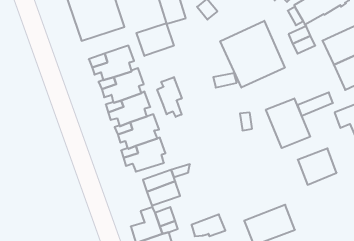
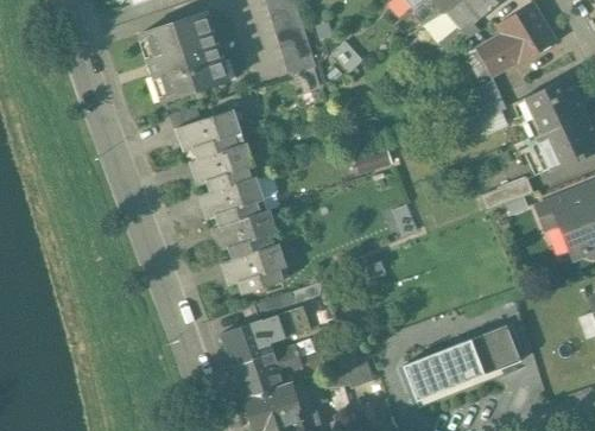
building: [220,21,285,88] -> none
building: [136,23,174,56] -> none
building: [157,77,182,117] -> none
building: [266,98,310,148] -> none
building: [298,148,337,185] -> [463,324,520,378]
building: none -> [223,322,268,373]

